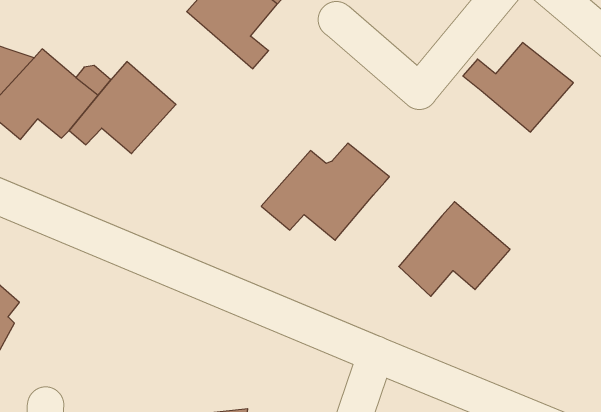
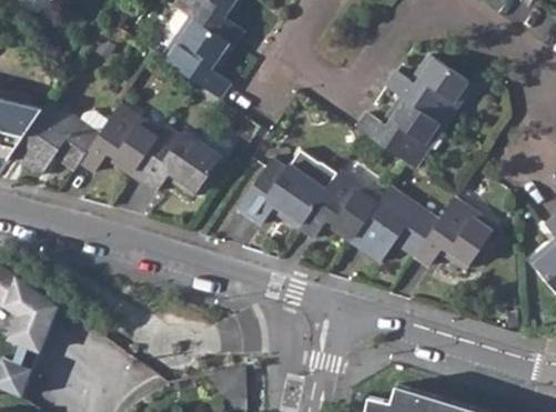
building: none -> [358,98,445,169]
building: none -> [132,127,223,197]
building: none -> [300,171,382,243]
building: none -> [414,199,496,270]

